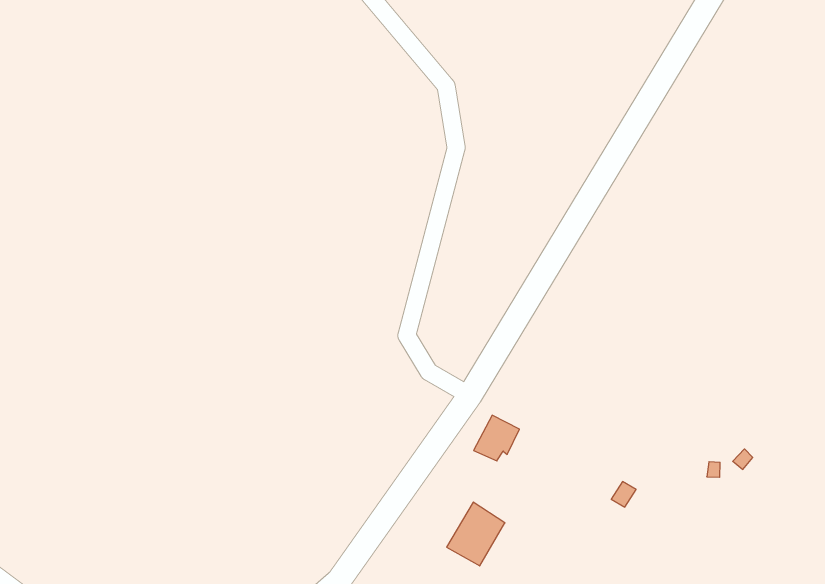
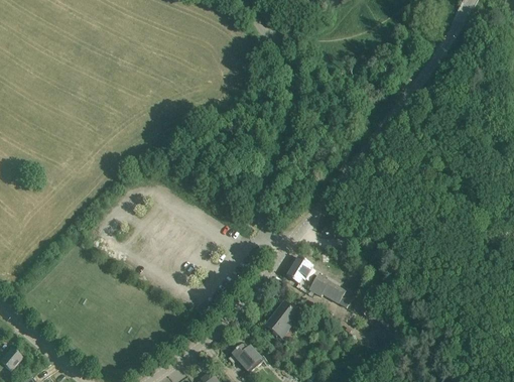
building: none -> [309,274,346,304]

